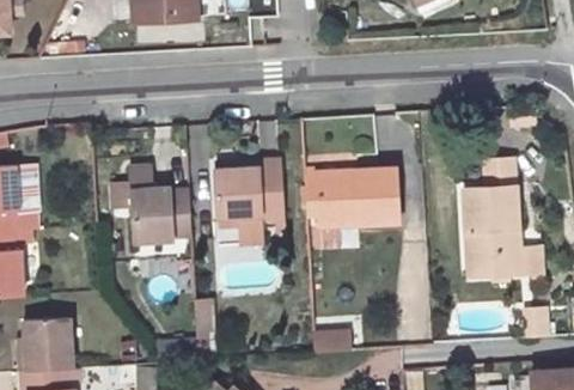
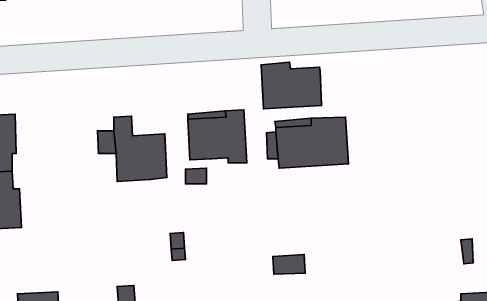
building: none -> [261,62,321,109]
building: [465,160,521,276] -> none
building: [19,318,74,372] -> none

